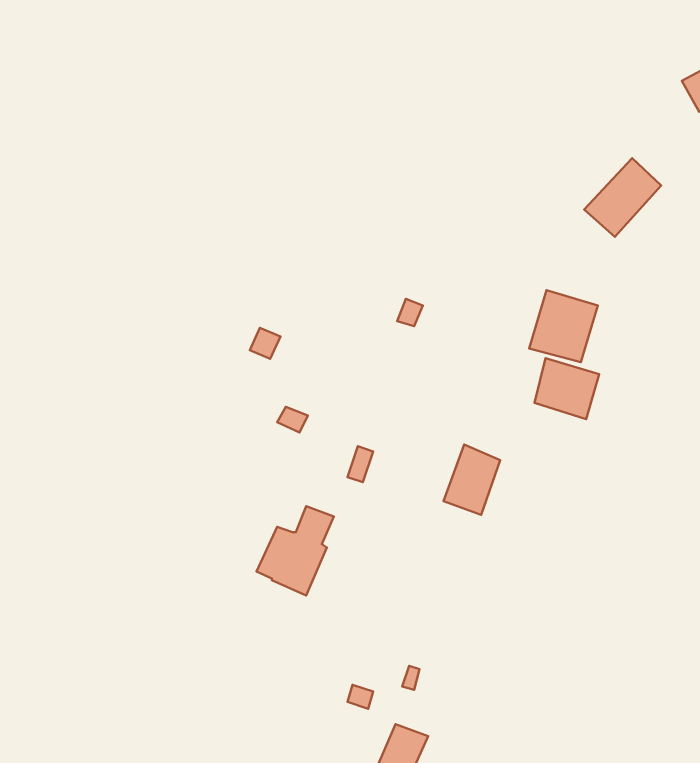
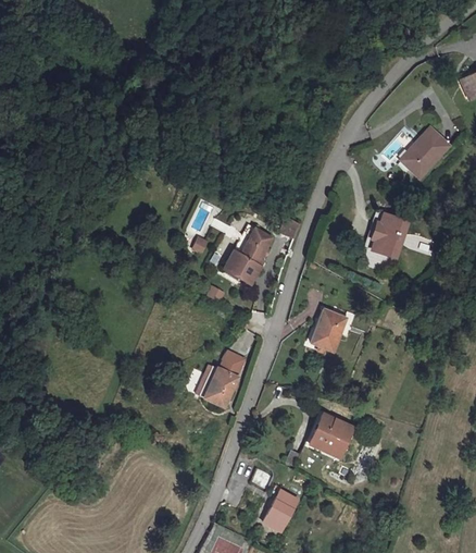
building: none -> [226,226,270,280]
building: [535,358,599,419] -> none
building: none -> [308,413,354,450]

